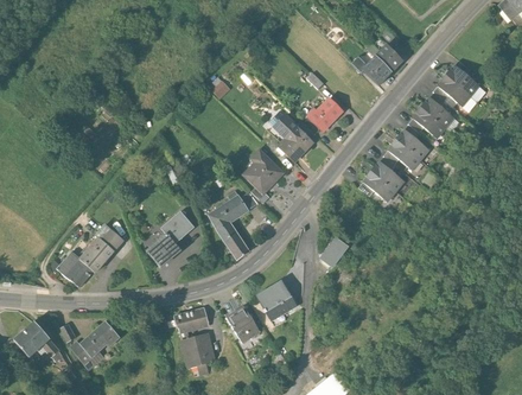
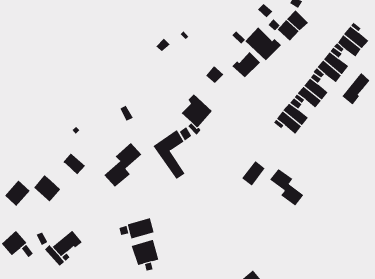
building: none -> [244,26,282,61]
building: none -> [342,72,370,105]
building: [276,126,313,163] -> none
building: [78,238,112,273] -> [4,180,30,207]
building: none -> [269,168,304,207]
building: [255,281,297,321] -> none
building: [225,305,259,342] -> none

